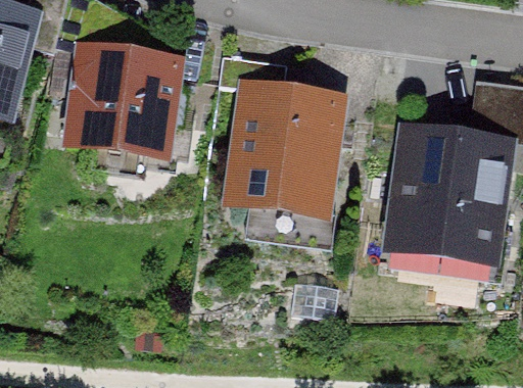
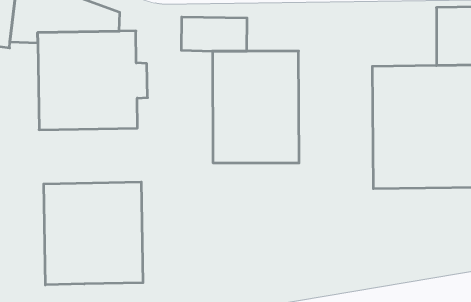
building: none -> [44,182,143,285]

